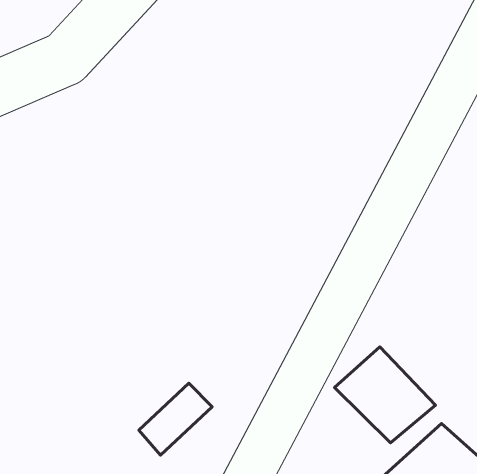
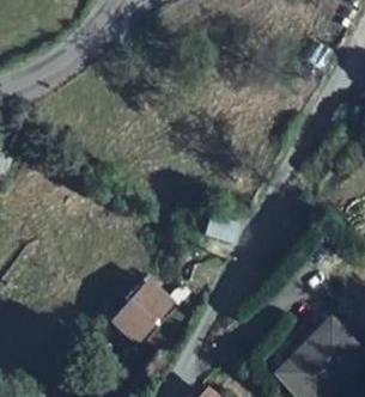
building: [334,347,435,443] -> none

